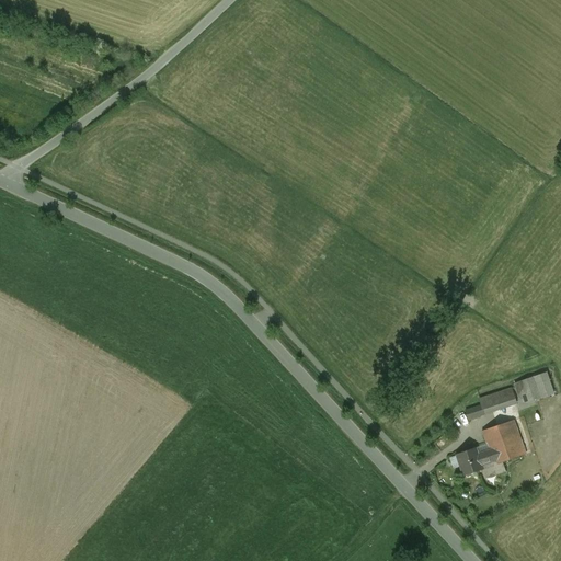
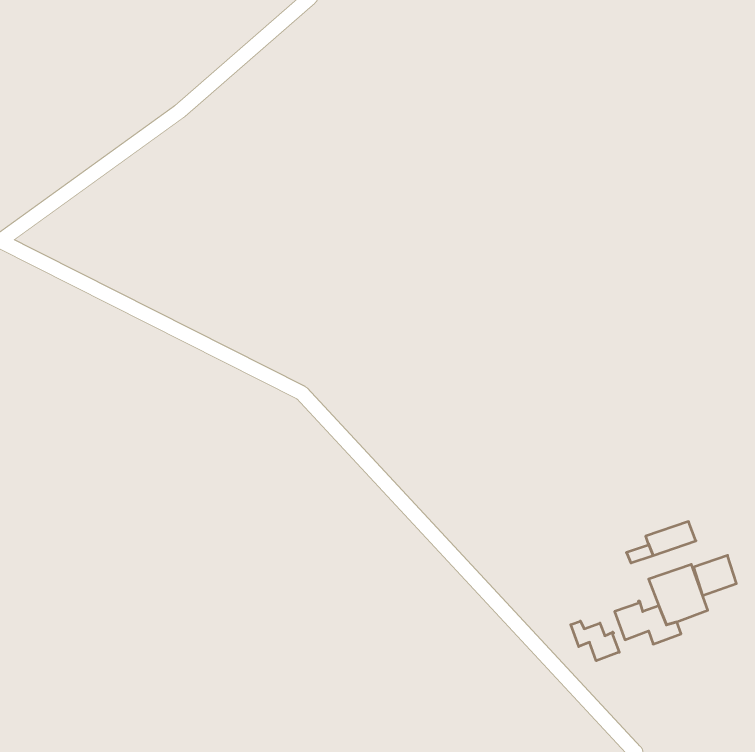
building: [520,371,552,401] -> [694,555,736,595]
building: none -> [571,621,619,661]

